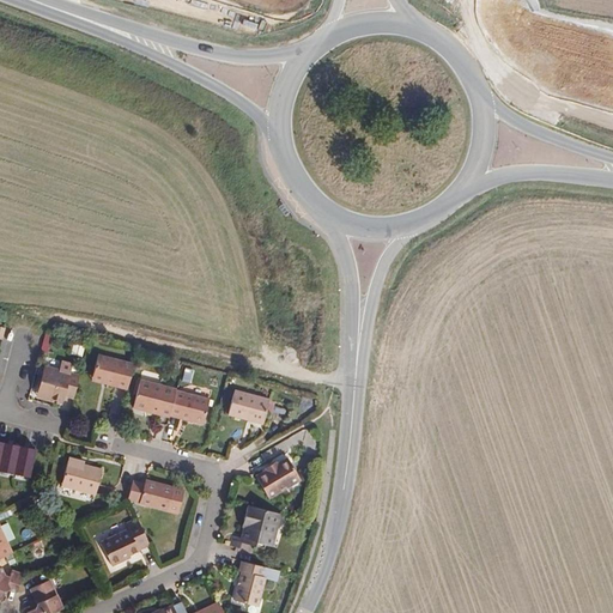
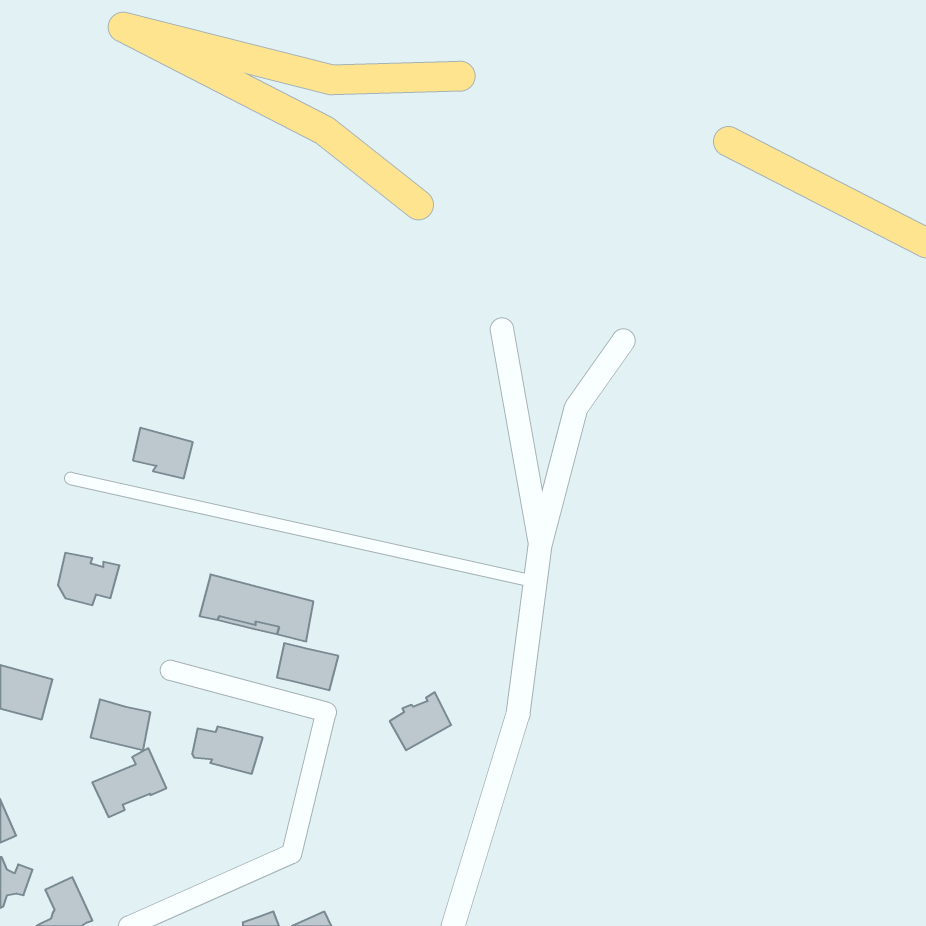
building: [92,353,132,387] -> [133,428,193,478]
building: [229,389,269,420] -> [277,643,338,690]
building: [230,504,277,547] -> none
building: [99,518,148,564] -> [92,748,166,817]
building: [235,560,266,606] -> none

